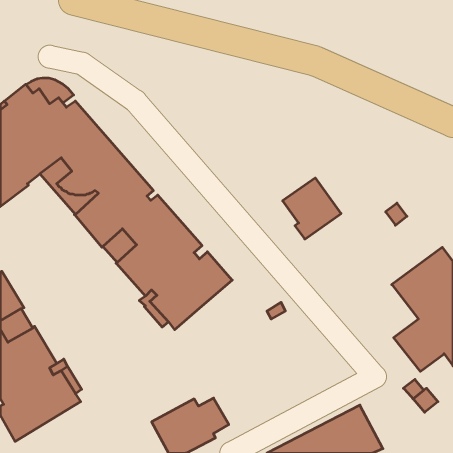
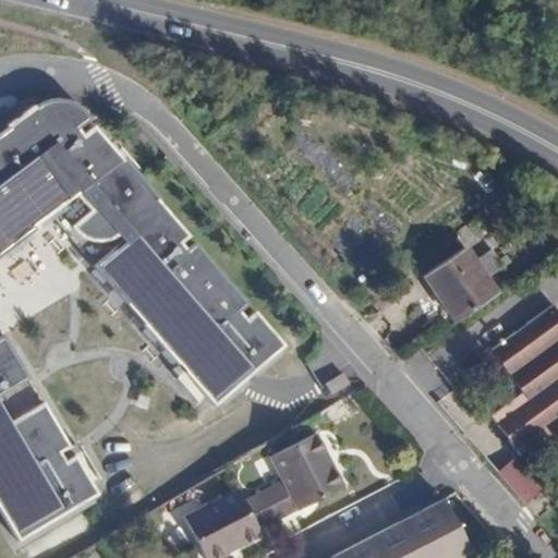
building: [283,178,341,239] -> [421,247,493,323]
building: none -> [263,432,344,522]

